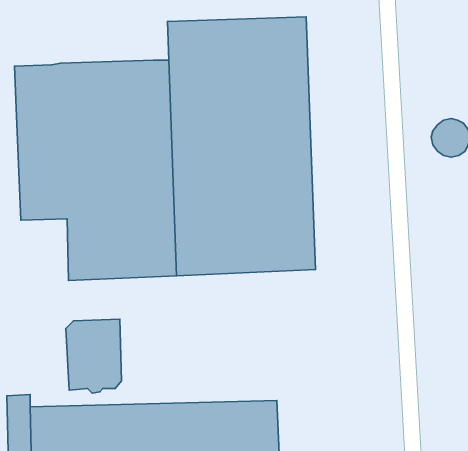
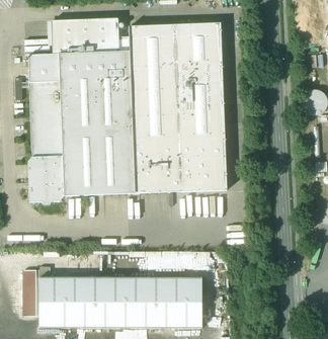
building: none -> [52,17,119,54]
building: [66,319,121,393] -> [27,155,64,203]

